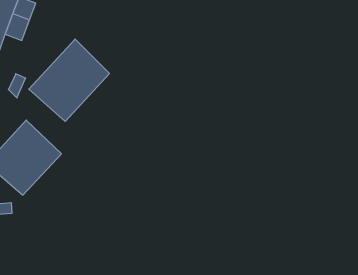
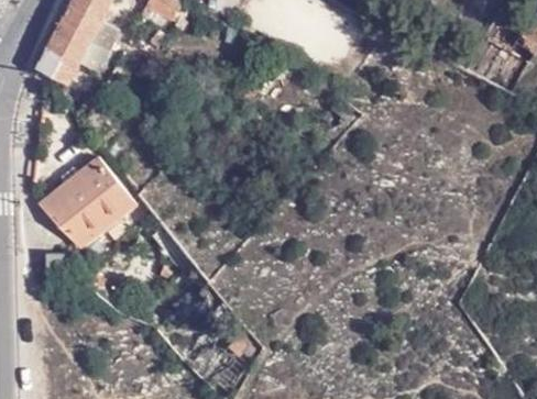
building: [29,39,109,121] -> none

